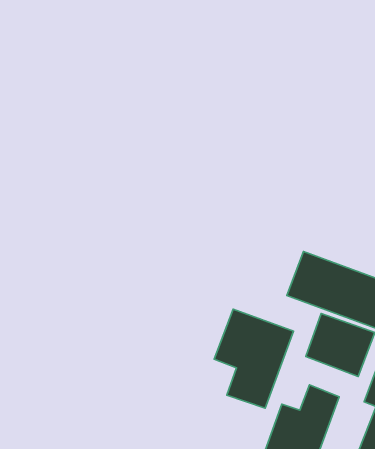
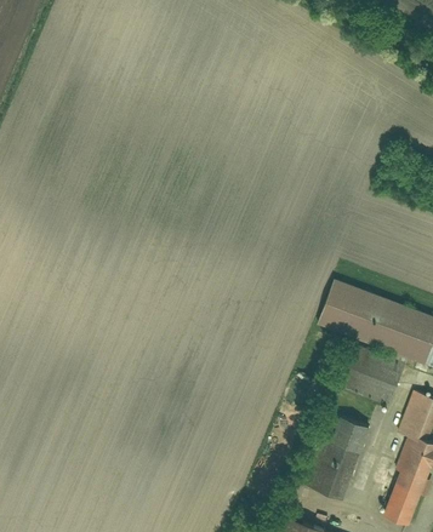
building: [214,309,294,408] -> none

